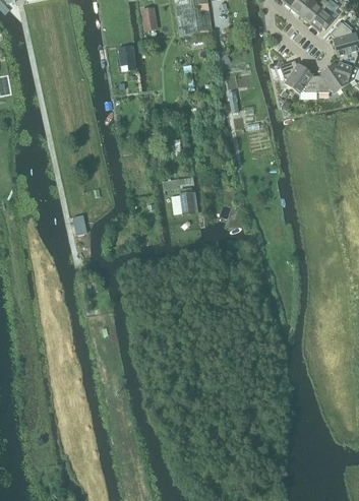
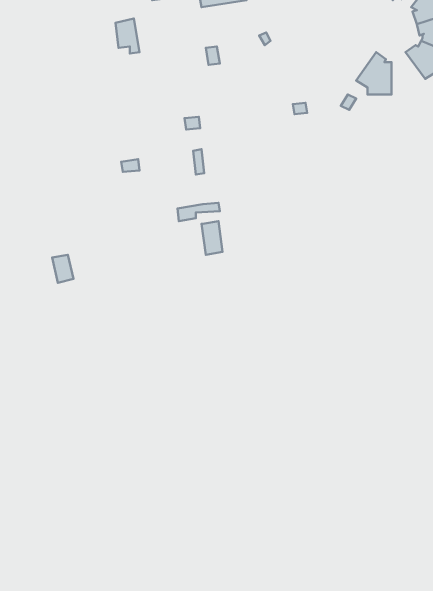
building: [280,60,306,88] -> none
building: [317,68,342,93] -> none

